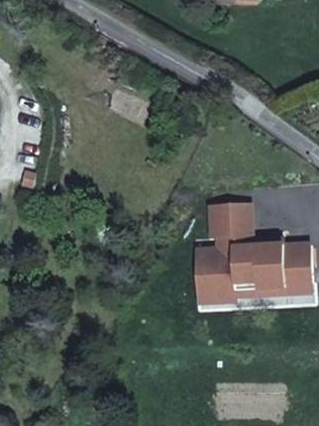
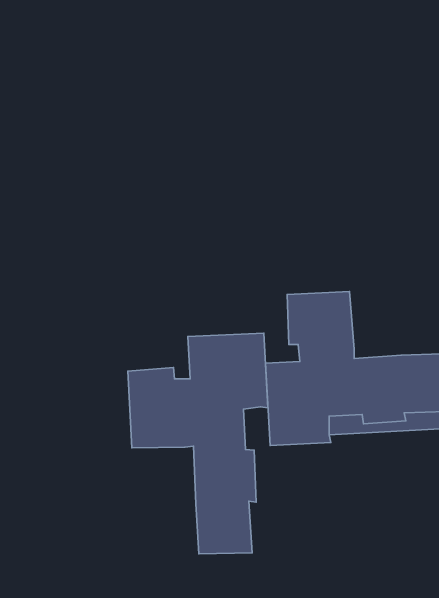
building: none -> [128,333,268,554]

